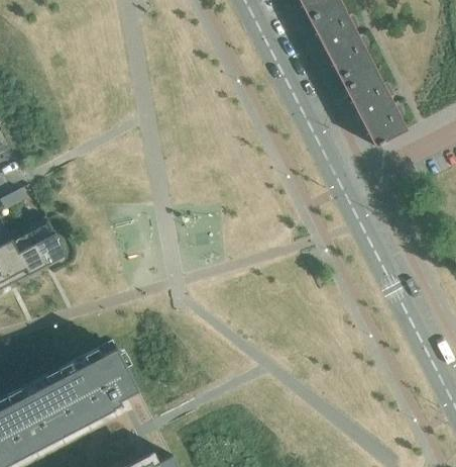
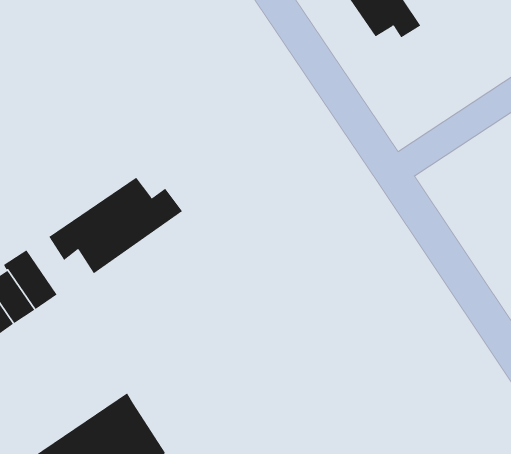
building: [340,73,407,147] -> none
building: none -> [49,177,183,274]

